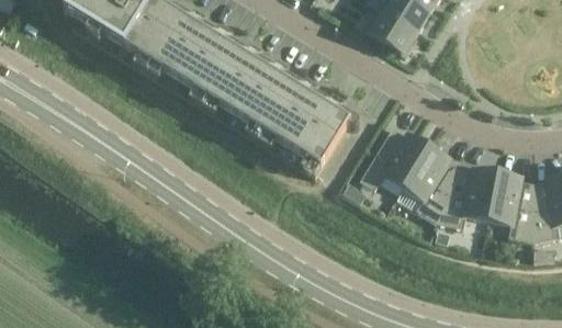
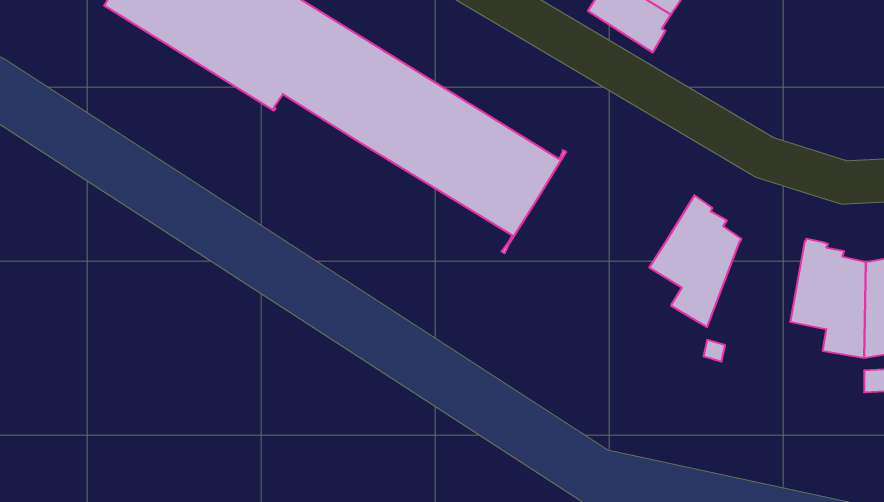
building: [361,126,431,189] -> none
building: [439,166,499,227] -> none

